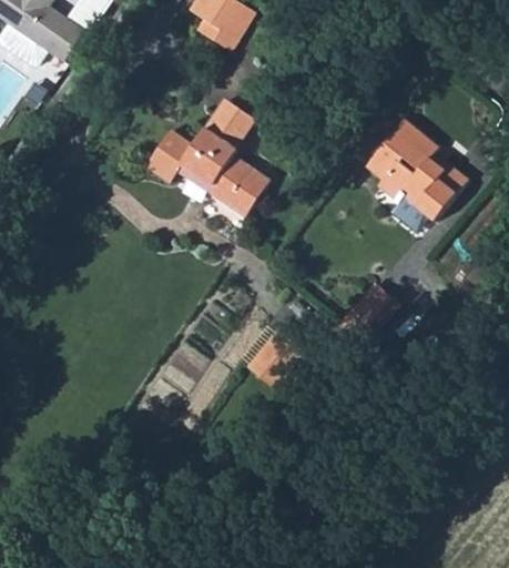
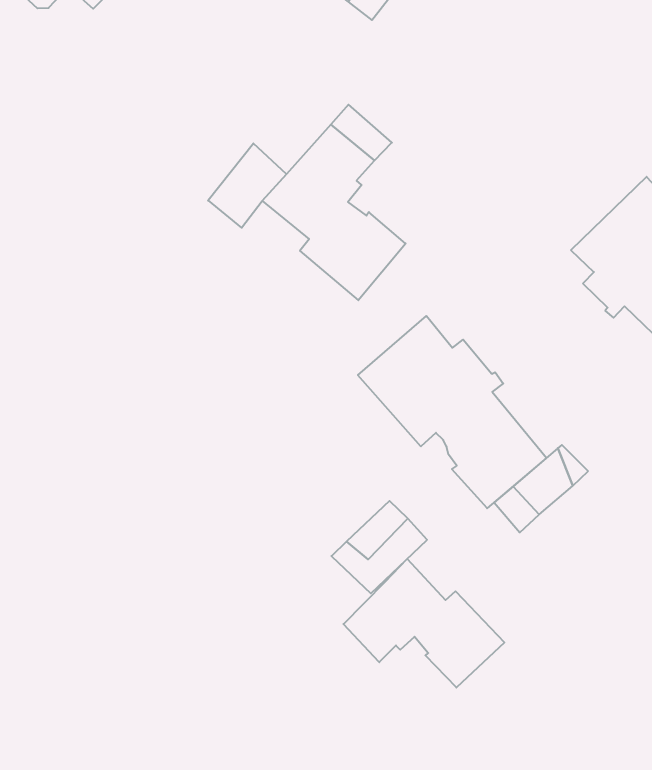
building: none -> [358,316,547,508]
building: none -> [343,559,504,688]

